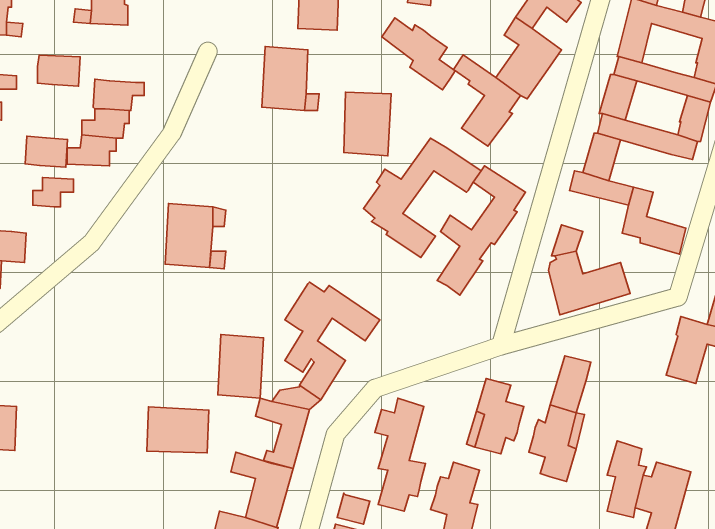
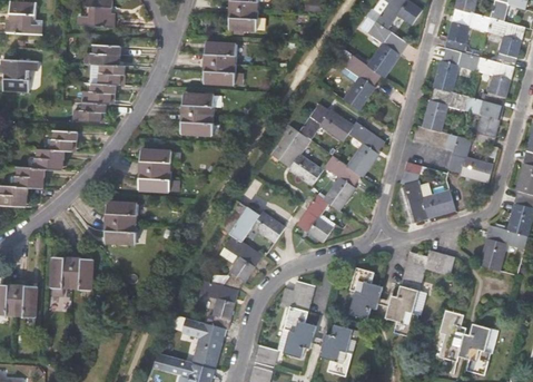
building: [382,18,455,90] -> none
building: [37,55,80,86] -> [91,45,120,66]
building: [344,92,391,156] -> [182,92,215,136]
building: [25,136,68,167] -> [34,148,63,169]
building: none -> [476,115,500,146]
building: none -> [293,196,332,246]
building: [218,334,264,398] -> [106,200,137,244]
building: none -> [425,251,454,275]
building: [147,407,209,453] -> [51,257,93,288]

